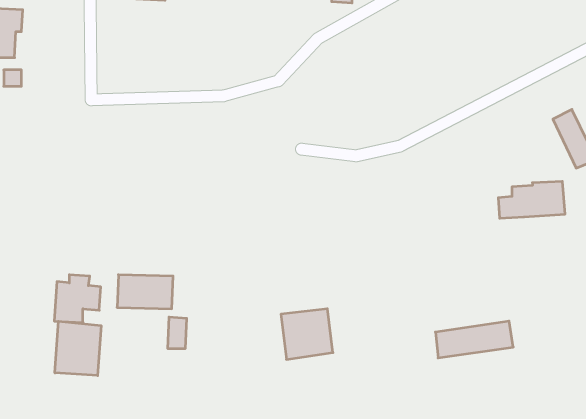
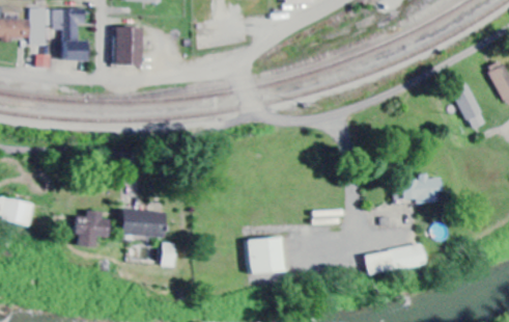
building: none -> [52,8,89,60]
building: none -> [114,26,143,64]
building: [498,181,565,218] -> [393,176,444,204]
building: [55,321,101,376] -> none

